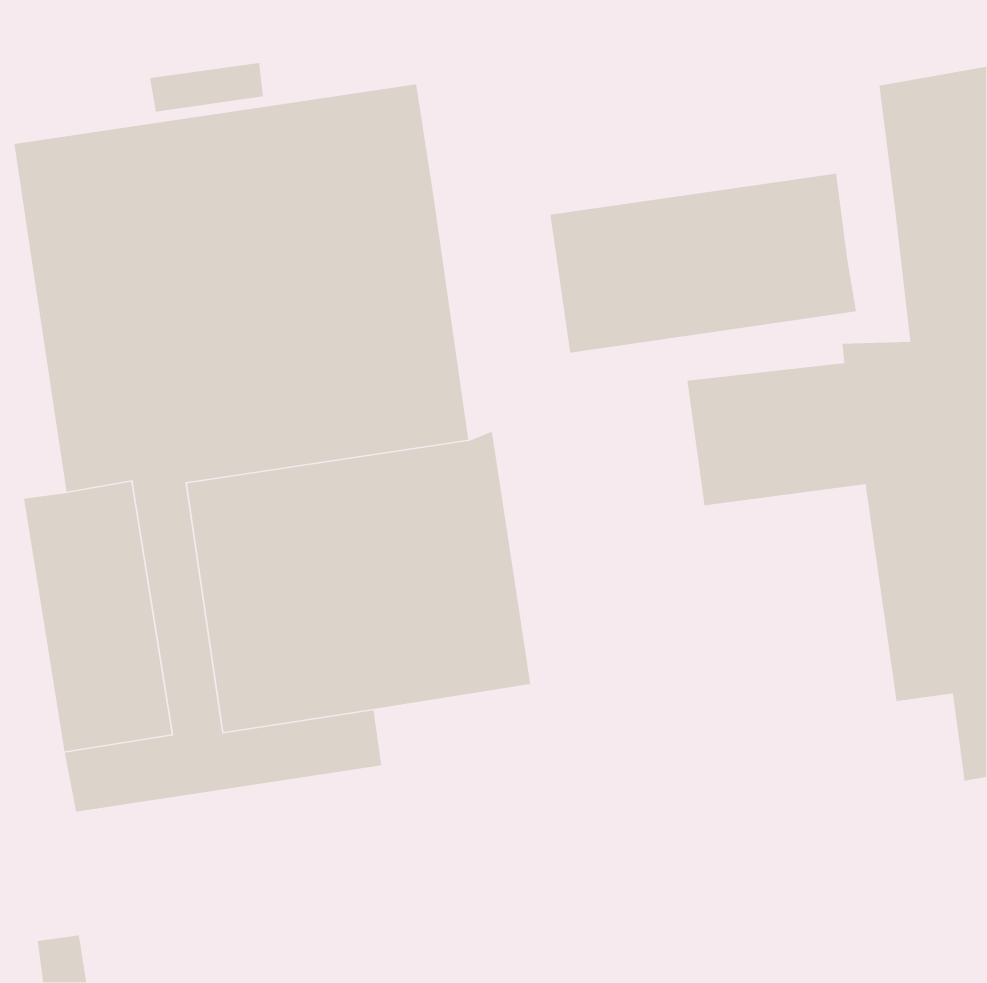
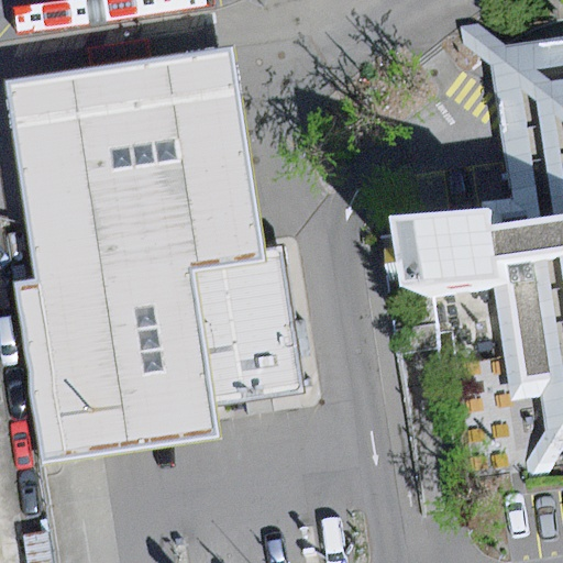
building: [550,173,857,353] -> none

